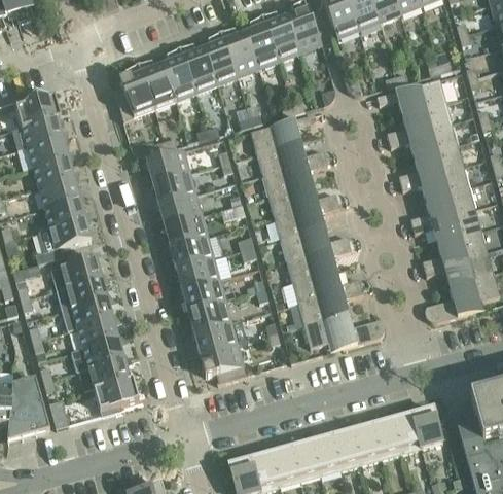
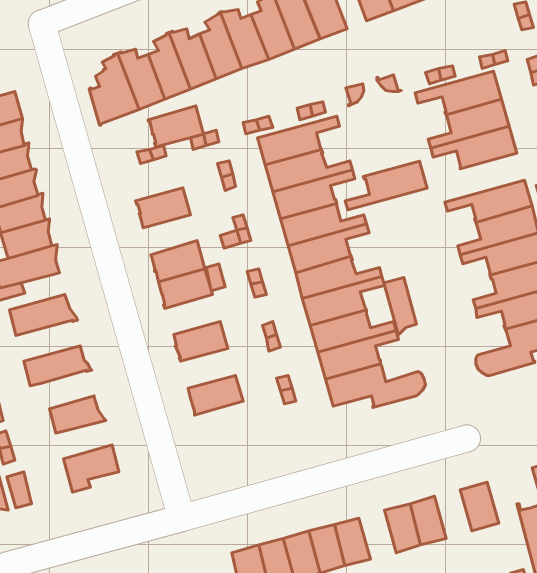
building: [398,144,464,183] -> [345,161,427,210]
building: [146,149,190,182] -> [148,106,203,147]
building: [158,193,202,225] -> none
building: none -> [384,278,417,335]
building: [176,257,220,289] -> none
building: [57,278,111,311] -> none
building: [188,301,232,332] -> none
building: [77,318,122,349] -> none
building: [200,343,248,384] -> none
building: [79,359,134,391] -> none
building: [392,414,422,453] -> none
building: [331,430,361,469] -> none

